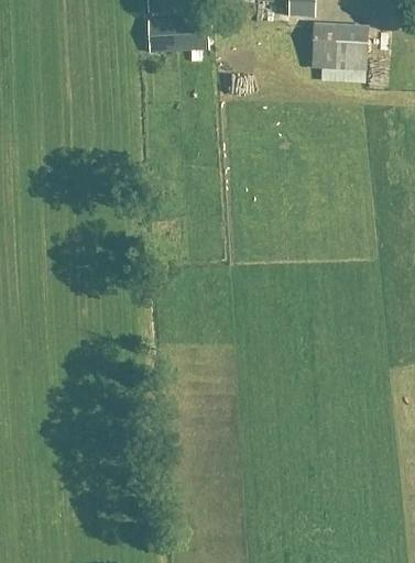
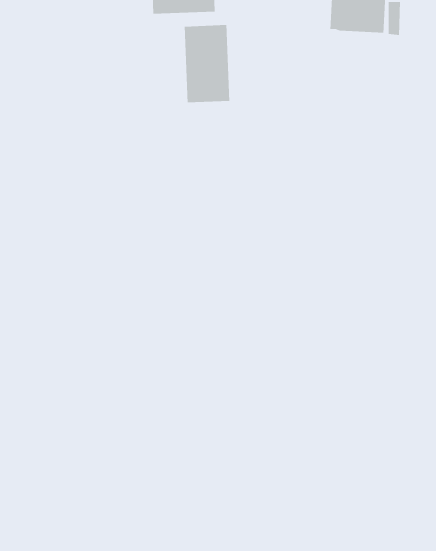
building: none -> [184,24,230,103]

